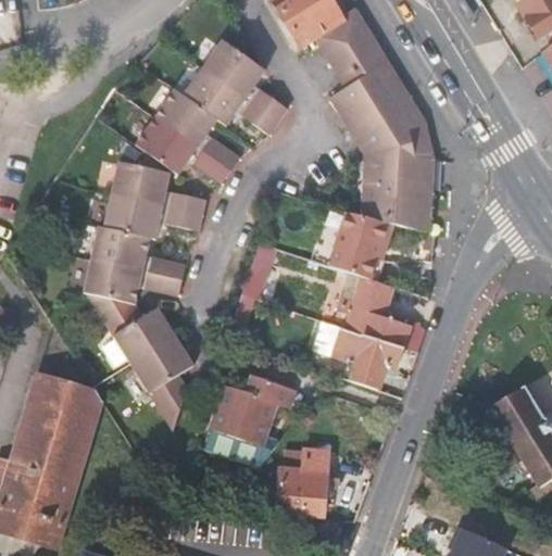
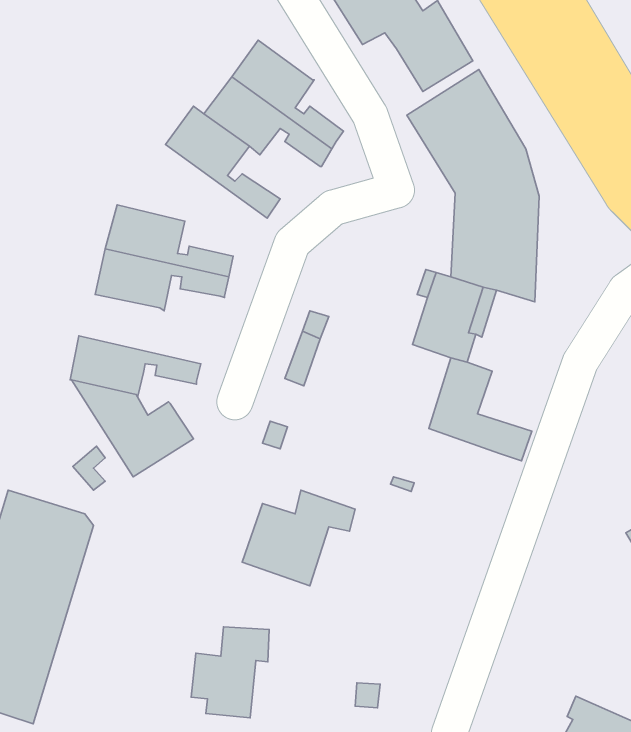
building: [135,117,229,184] -> none
building: [90,226,184,279] -> none
building: [313,319,401,387] -> none
building: [130,334,192,427] -> none
building: [278,446,336,514] -> [191,627,269,718]

